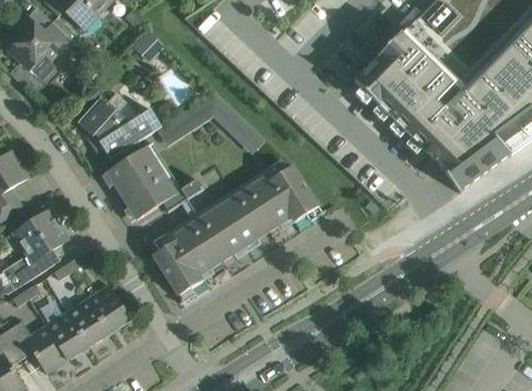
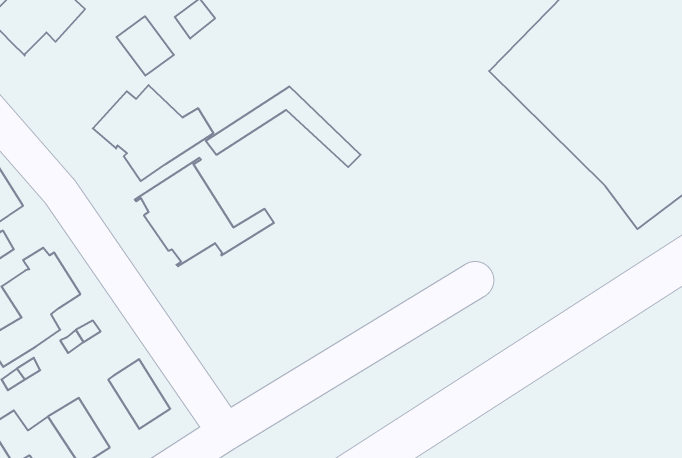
building: none -> [116,16,174,76]
building: [153,160,322,303] -> none
building: [67,299,110,346] -> none

